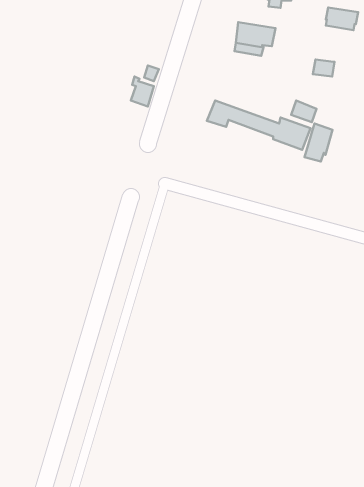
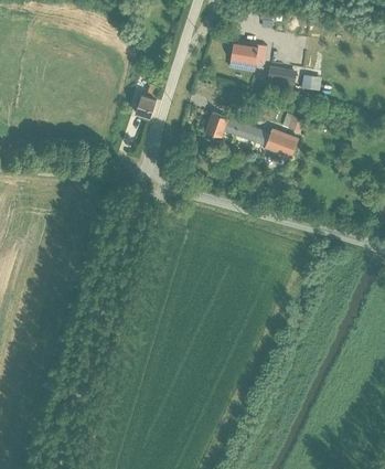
building: [326,7,358,30] -> [267,66,297,87]
building: [304,124,333,161] -> none

